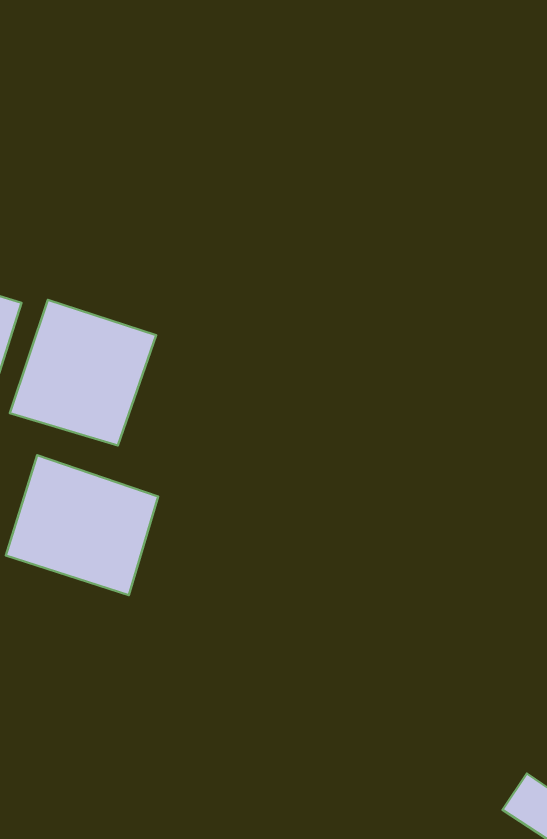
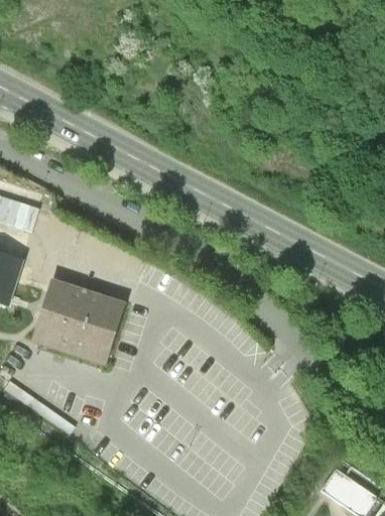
building: [10,300,156,446] -> none

